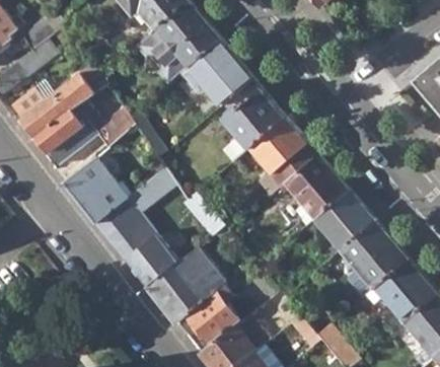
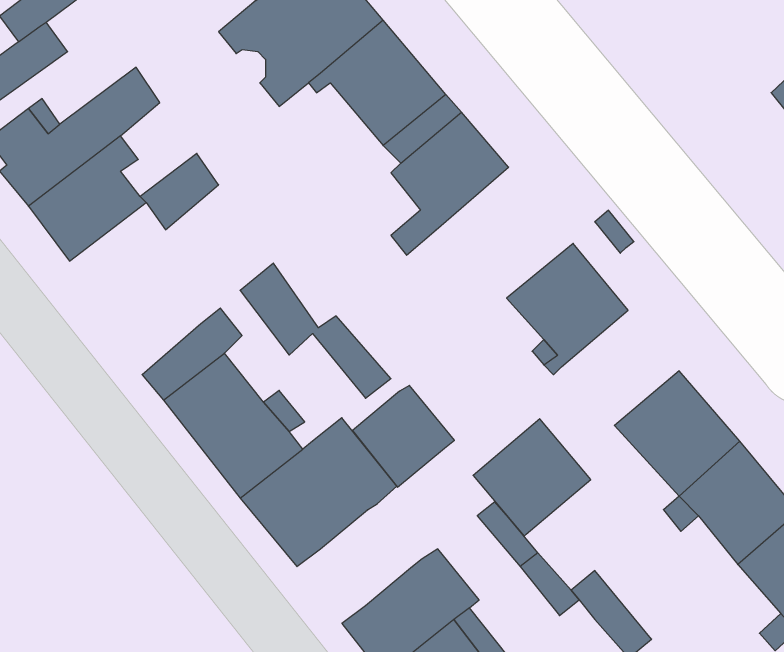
building: [245,115,316,186] -> none
building: [62,157,124,222] -> none
building: [310,189,371,249] -> [473,419,591,536]
building: [186,289,238,342] -> [353,385,454,487]

